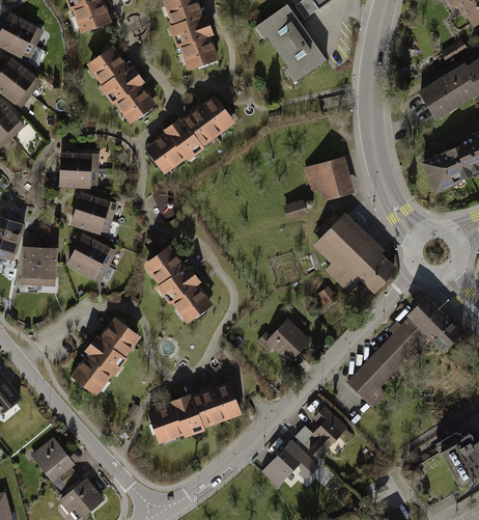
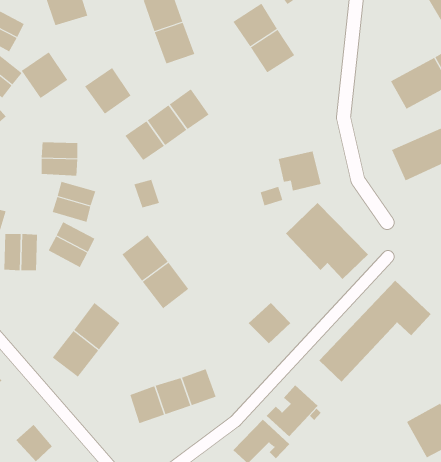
building: [85,46,134,94] -> [21,52,68,99]

